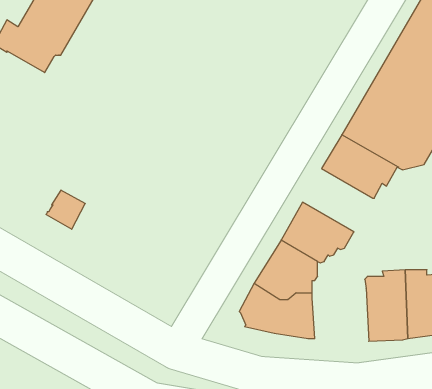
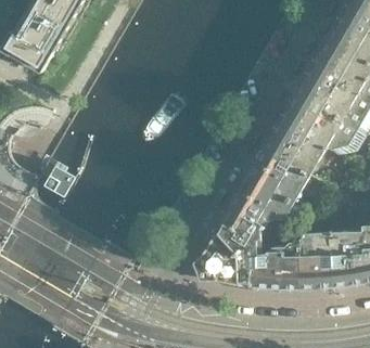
building: none -> [251,150,311,201]
building: none -> [258,246,304,288]

